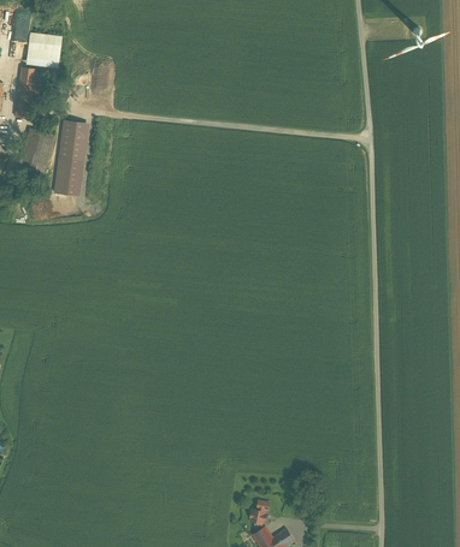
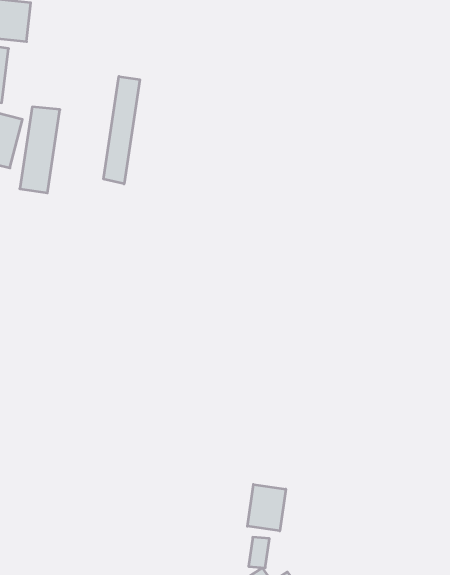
building: none -> [104,76,140,184]
building: none -> [247,484,286,531]

